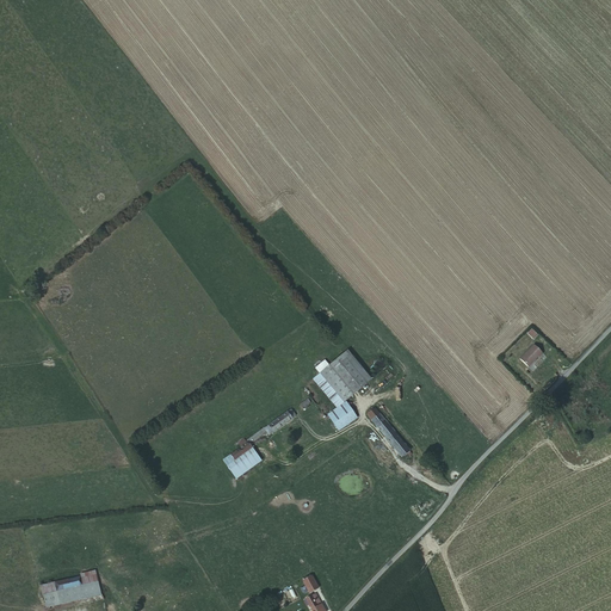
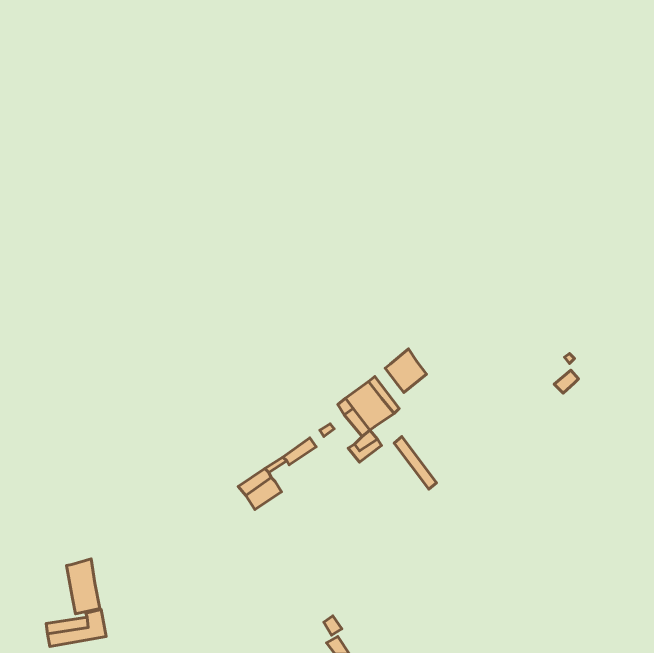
building: none -> [385,349,427,392]
building: none -> [66,559,100,614]

